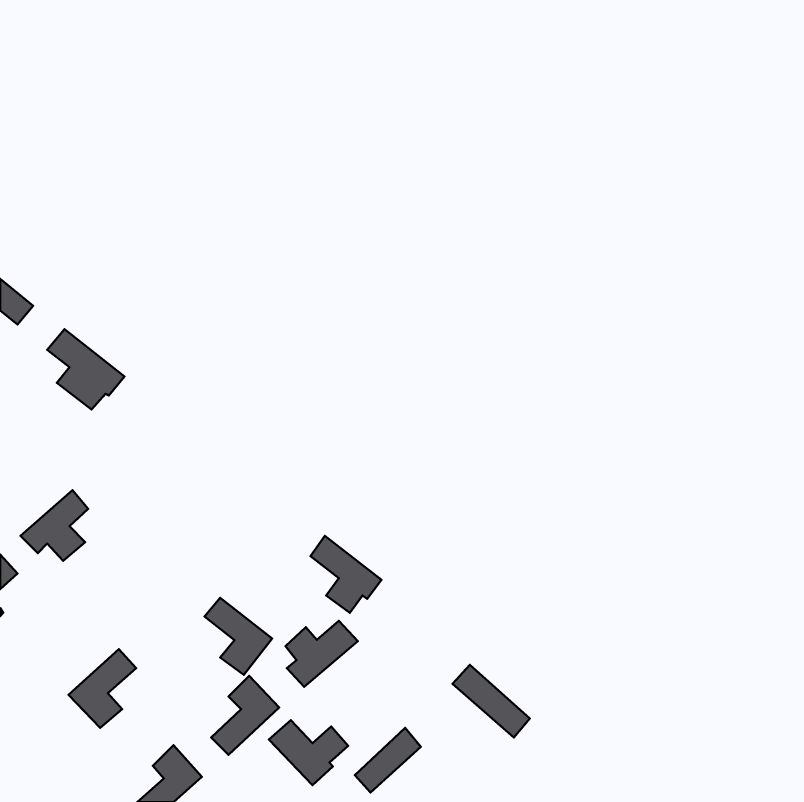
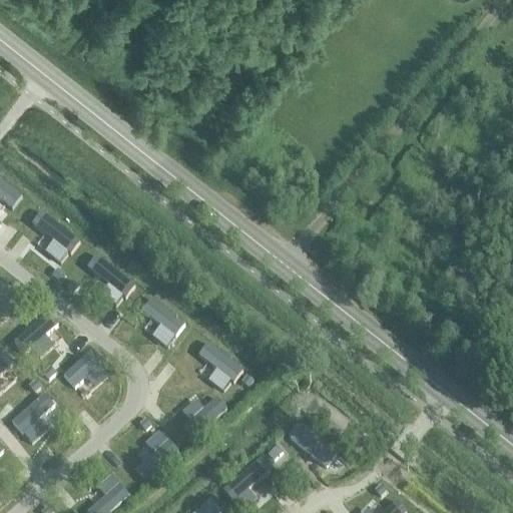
building: none -> [87,252,135,305]
building: none -> [64,352,108,386]
building: [204,598,272,675] -> [142,297,185,346]
building: [68,649,136,728] -> [12,392,55,442]
building: [269,720,348,785] -> none

